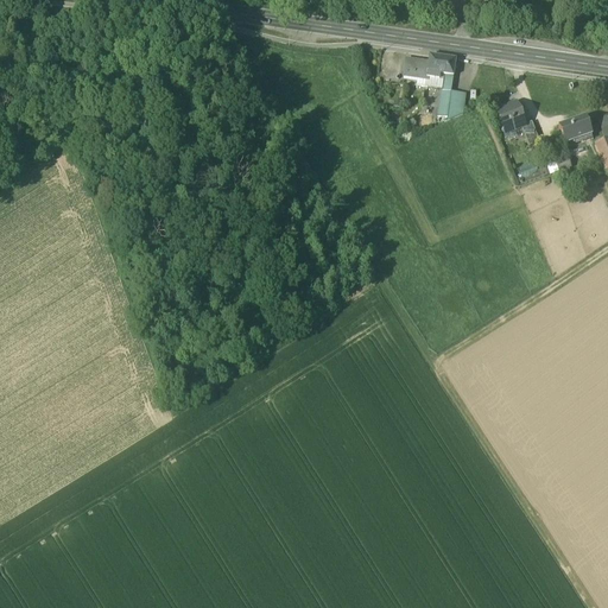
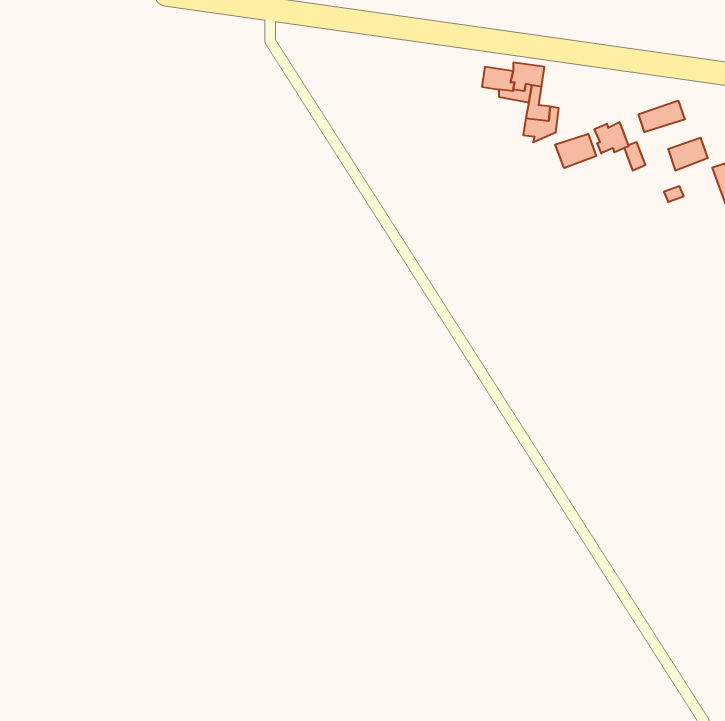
building: none -> [639,101,685,132]
building: none -> [555,134,596,168]

